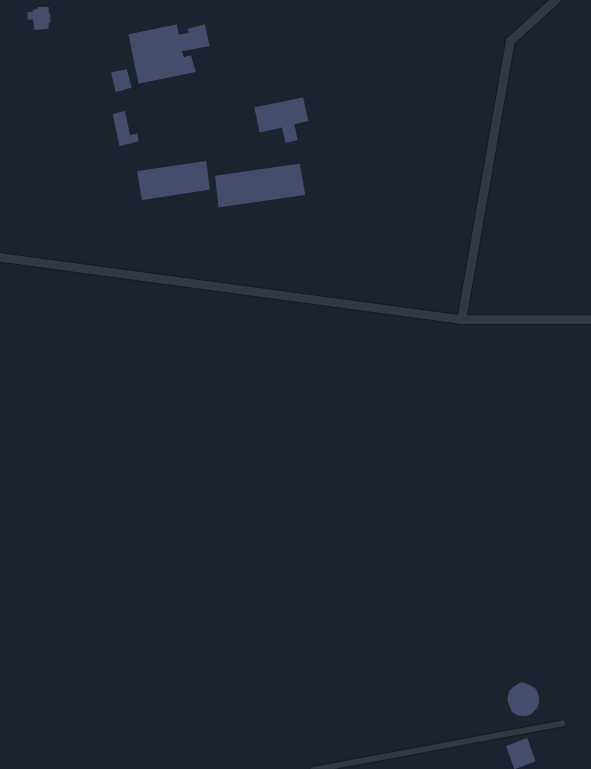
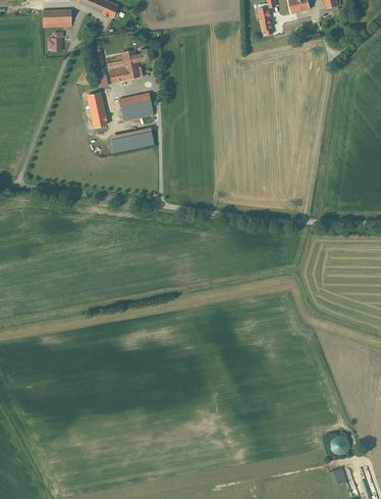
building: [254,97,309,144] -> [118,90,151,117]
building: [215,163,306,208] -> none

